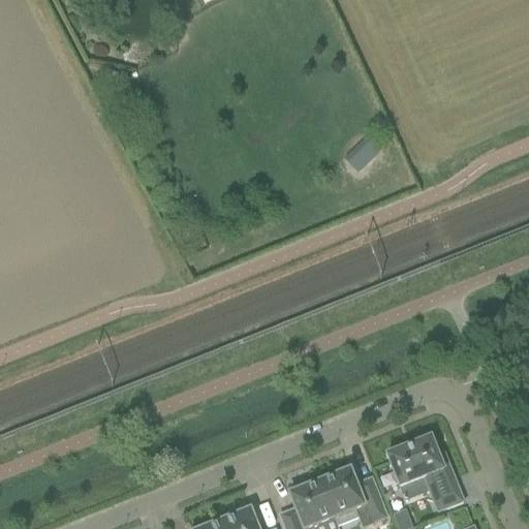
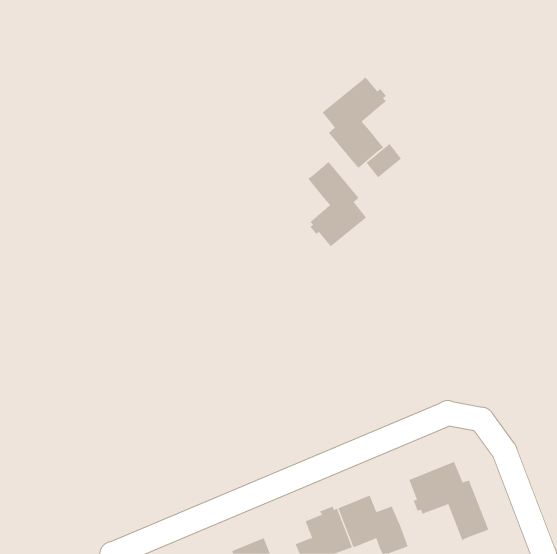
building: none -> [322,77,387,169]
building: none -> [307,161,367,247]

